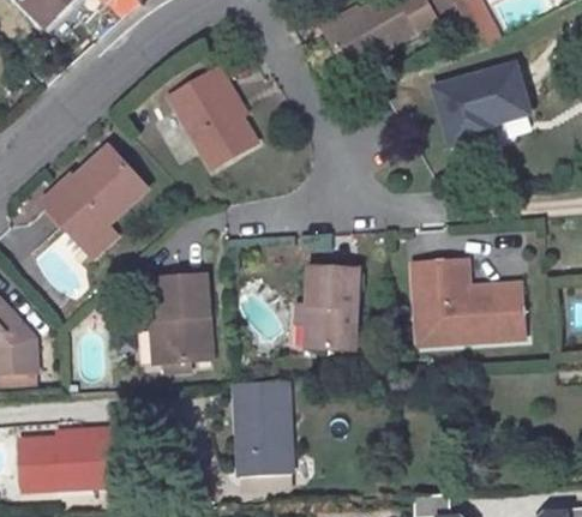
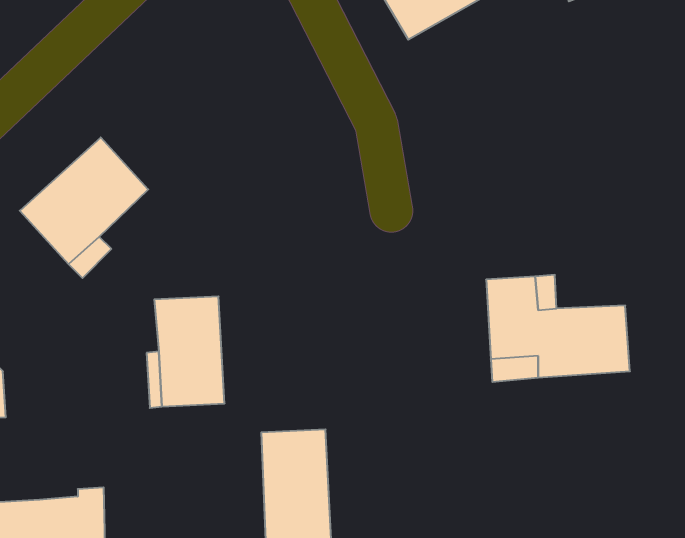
building: [428,56,533,143] -> none
building: [169,74,256,175] -> none
building: [305,270,359,349] -> none

